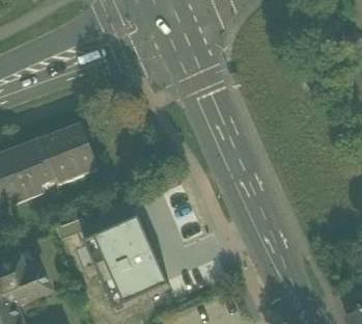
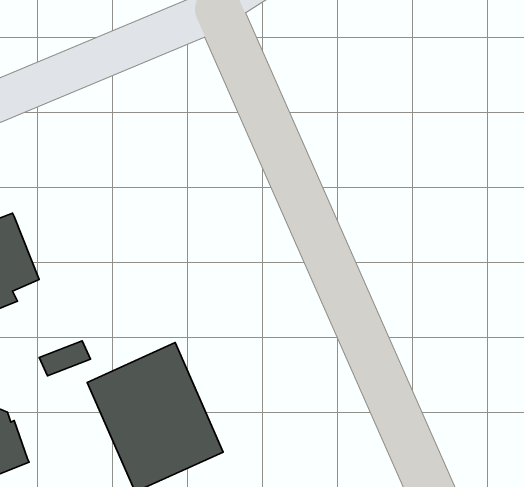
building: [39,124,98,184] -> none

